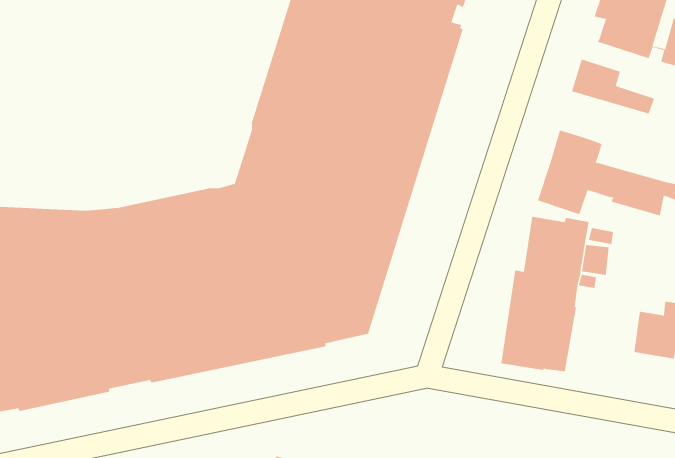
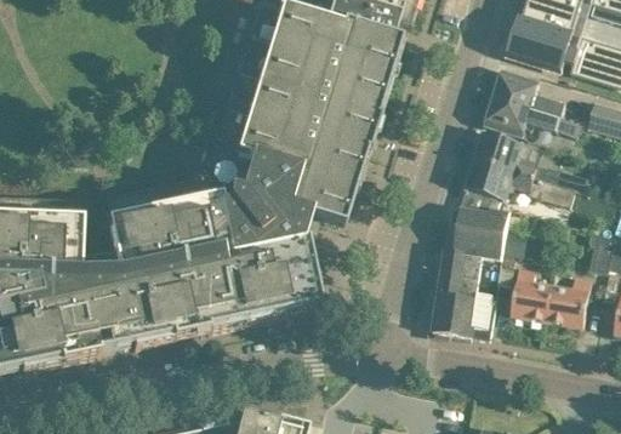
building: none -> [484,99,559,137]
building: none -> [509,269,551,322]

